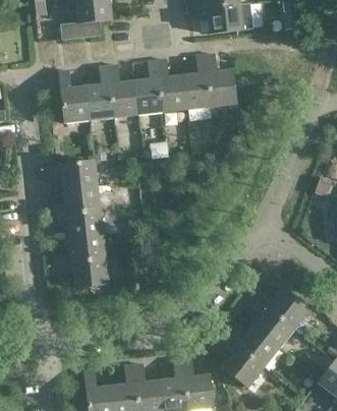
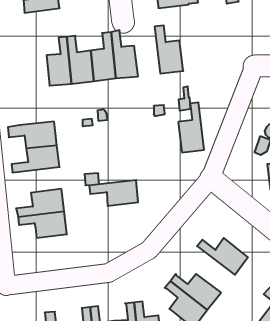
building: [183,55,212,110] -> [178,103,204,152]
building: [59,70,90,123] -> none
building: [49,210,103,238] -> [89,180,138,206]
building: [247,297,294,348] -> none

